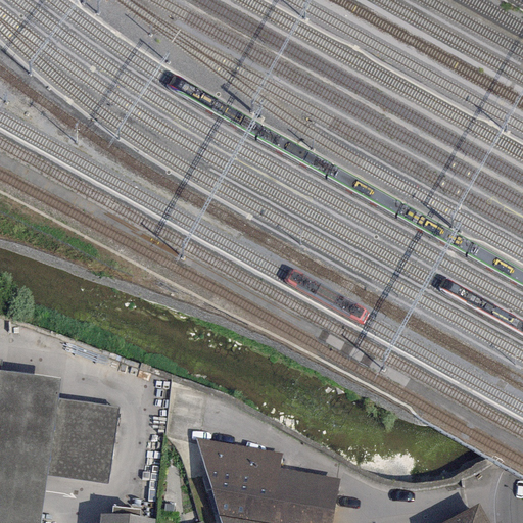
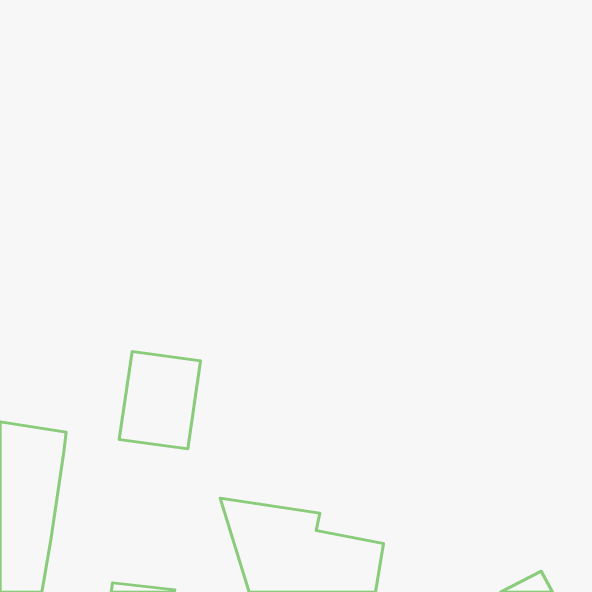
building: [45,398,116,484] -> [119,352,200,449]

